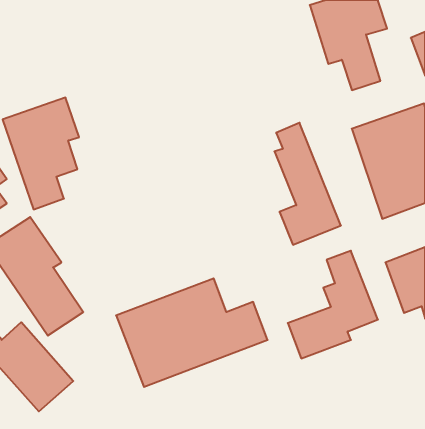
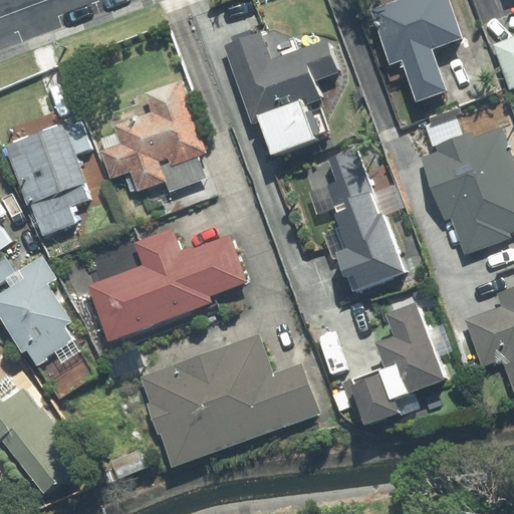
building: none -> [221,33,338,151]
building: none -> [98,77,210,189]
building: none -> [86,230,245,344]

